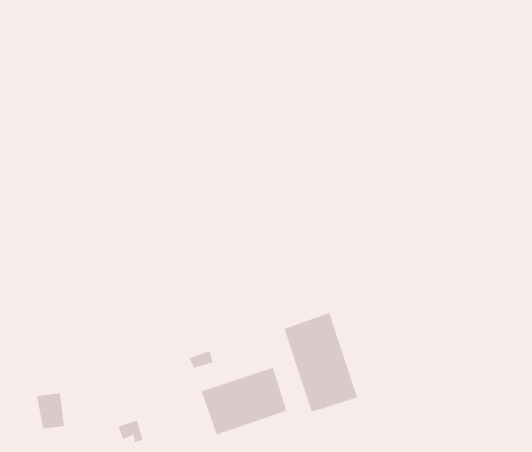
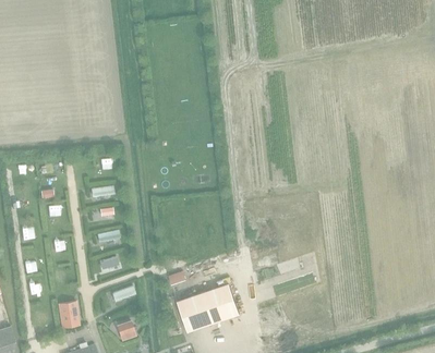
building: [284,312,358,413] -> none

